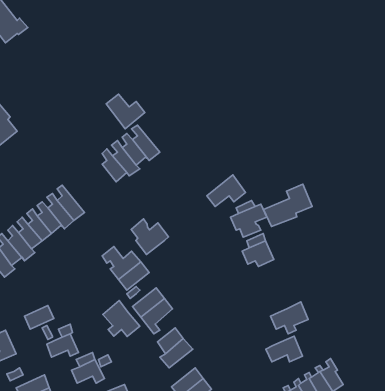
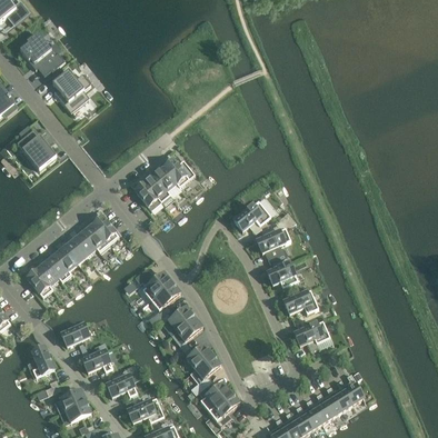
building: none -> [50,70,88,112]
building: [106,94,145,129] -> none
building: [263,184,312,227] -> none
building: [131,219,169,255] -> none
building: [103,300,140,336] -> none
building: [266,336,302,362] -> [283,289,318,313]

